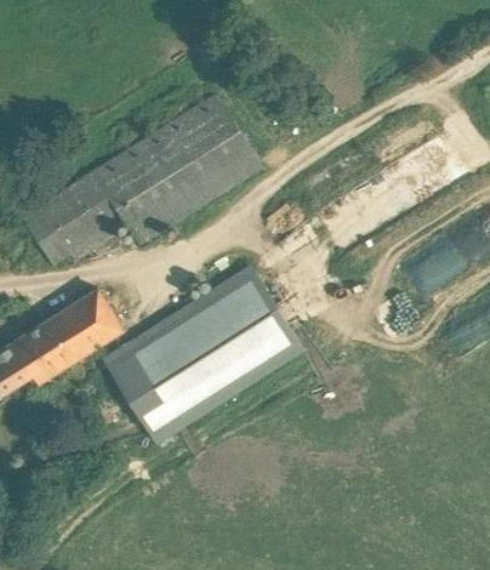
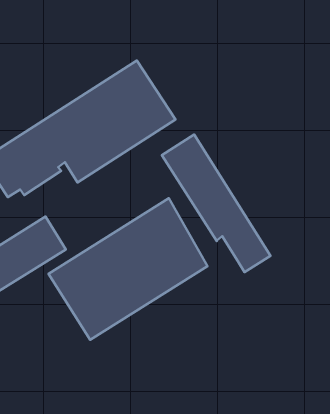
building: none -> [162,134,271,272]

